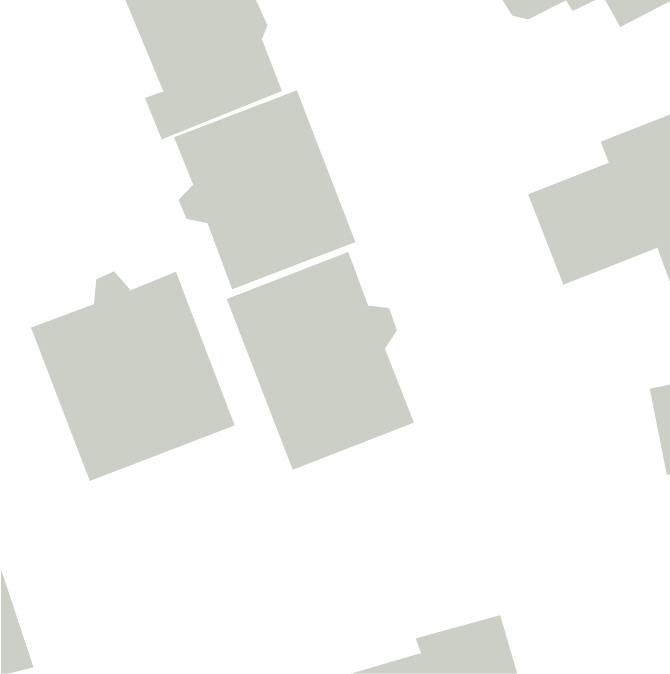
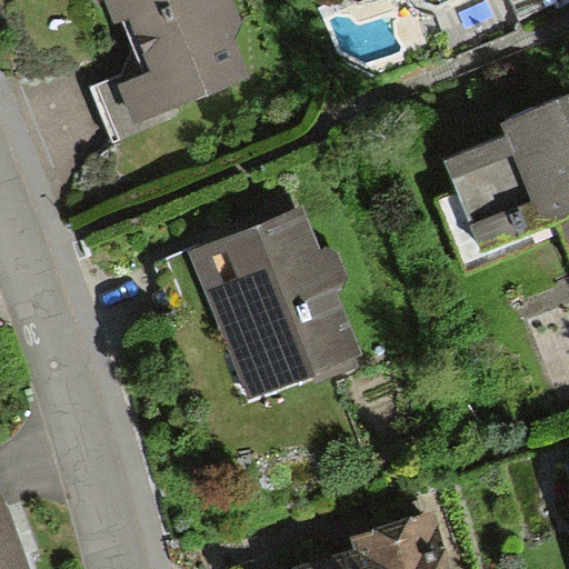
building: [173,89,356,290] -> none
building: [30,271,235,482] -> none

